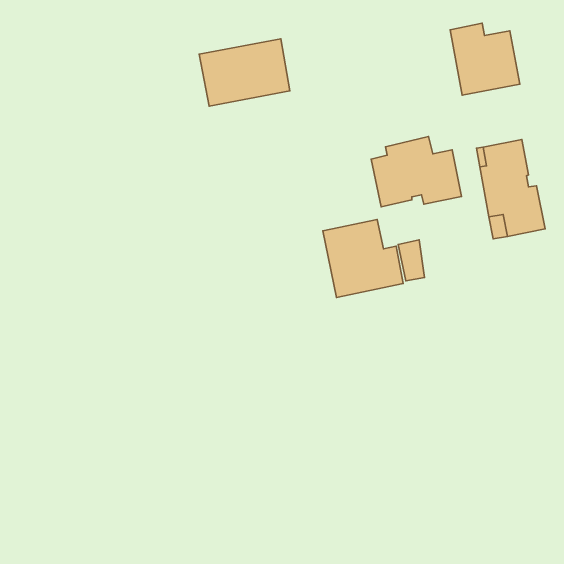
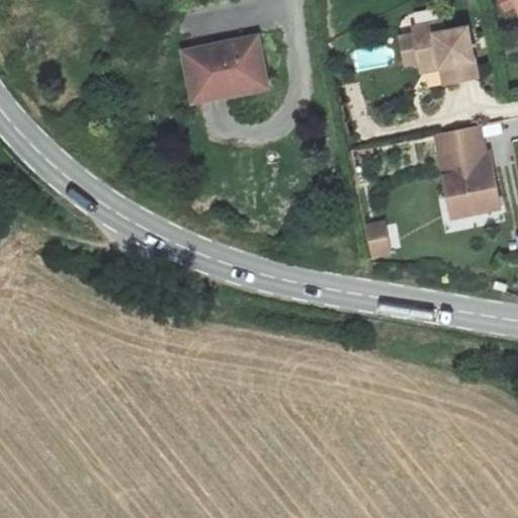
building: [371,136,462,207] -> none
building: [323,219,403,298] -> none

